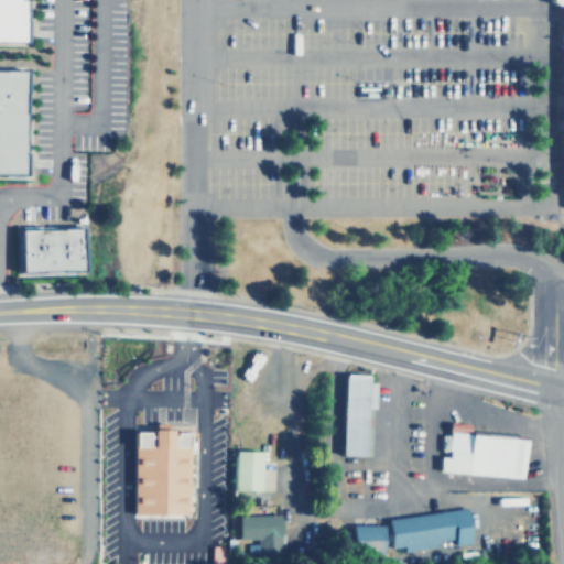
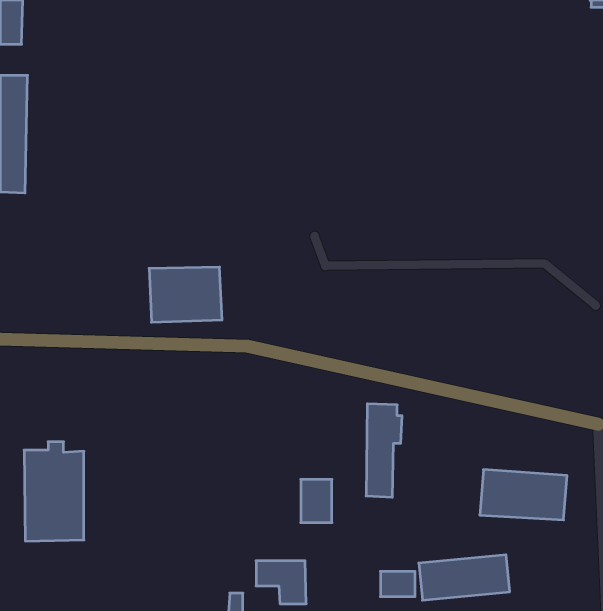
building: [19,226,86,276] -> [149,267,222,322]
building: [137,424,192,516] -> [24,442,84,541]
building: [237,452,265,491] -> [301,479,332,523]

